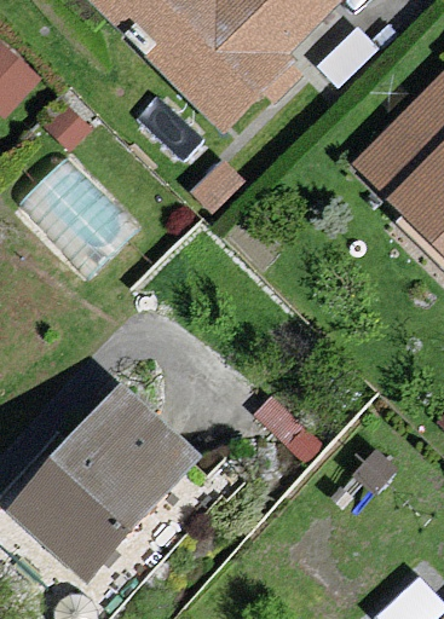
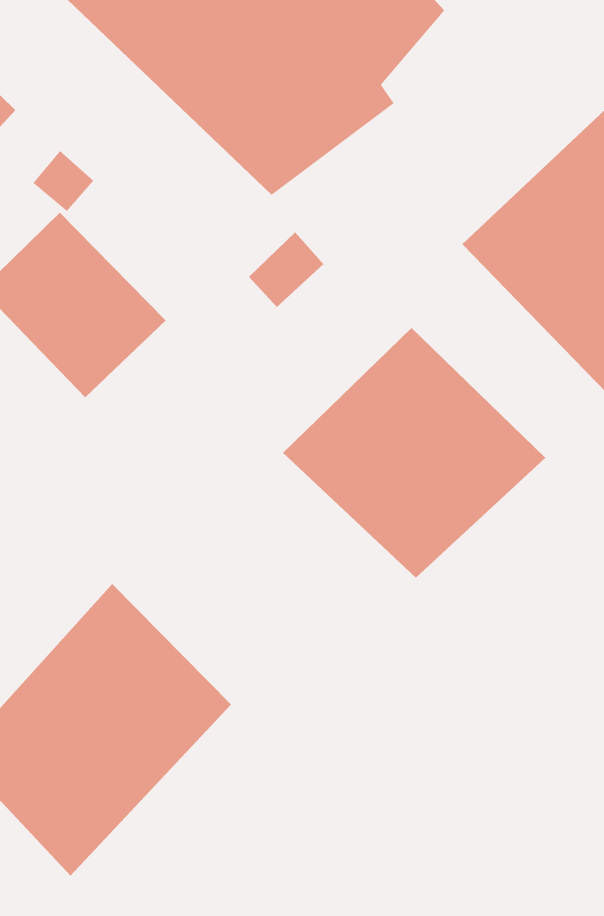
building: none -> [282,327,546,579]

